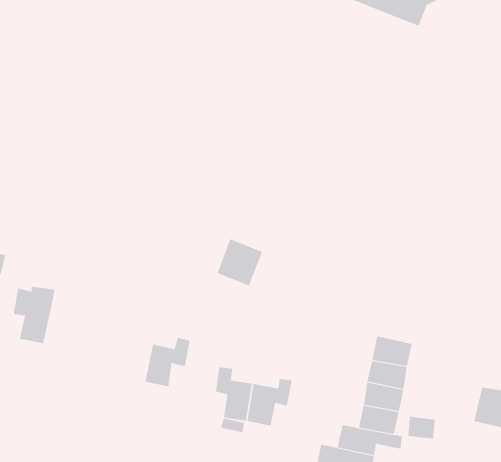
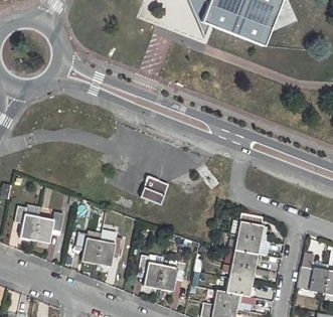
building: none -> [35,211,63,243]
building: none -> [238,212,264,240]
building: none -> [76,230,102,263]

